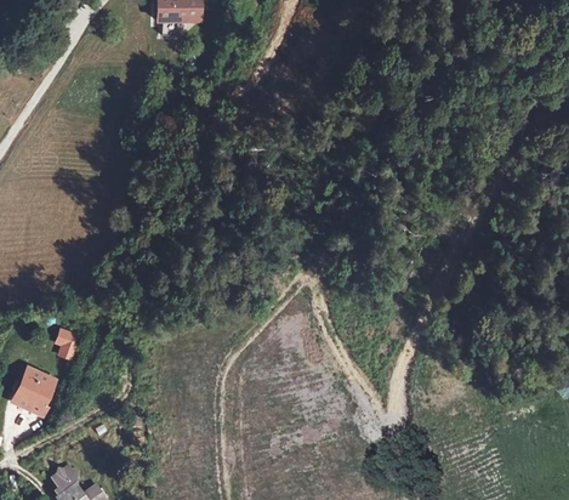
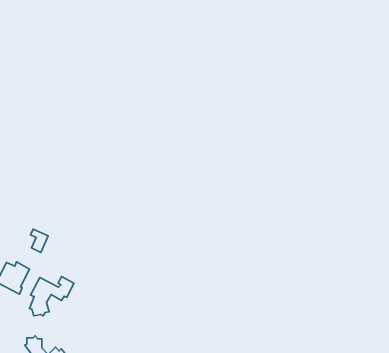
building: none -> [29,277,74,316]

